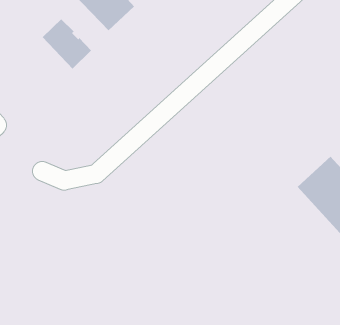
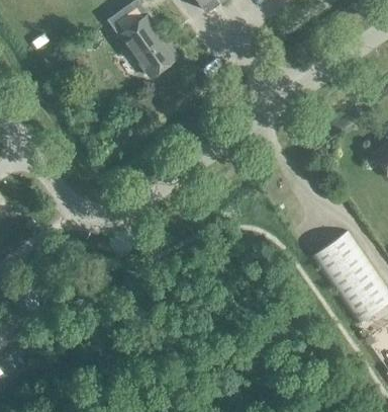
building: [42,18,92,69] -> none

